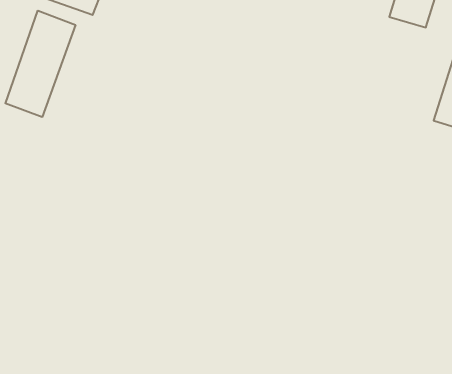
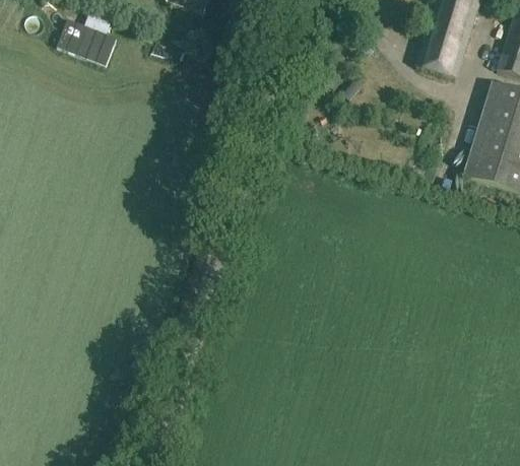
building: [5,11,75,117] -> none

